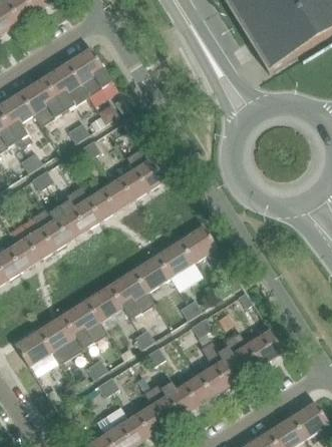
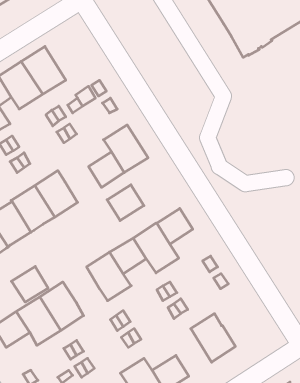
building: [67,47,112,96] -> none
building: [87,183,124,219] -> [107,185,144,221]
building: [85,285,122,321] -> [11,266,48,302]
building: [247,330,283,365] -> none
building: [200,341,236,395] -> none

